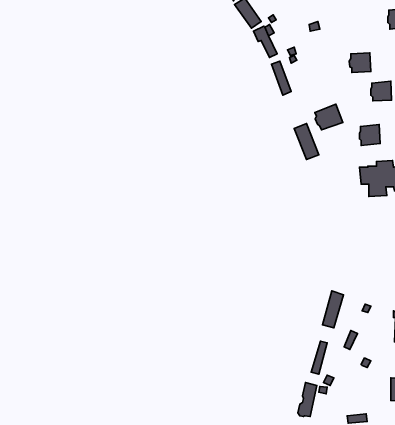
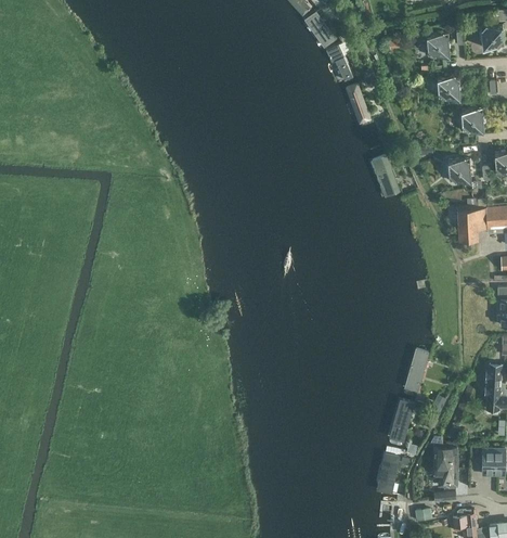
building: none -> [426,34,450,56]
building: [315,104,343,130] -> none
building: none -> [434,448,457,487]

